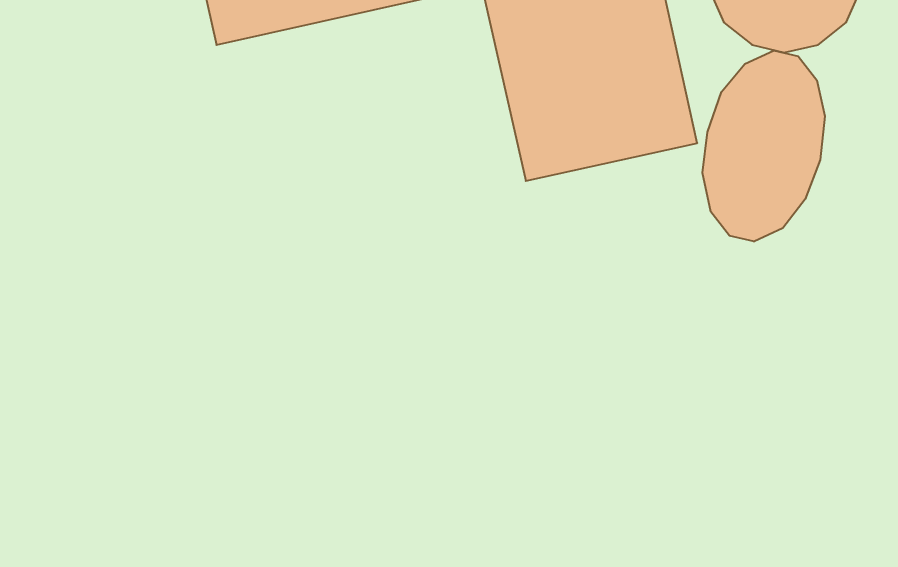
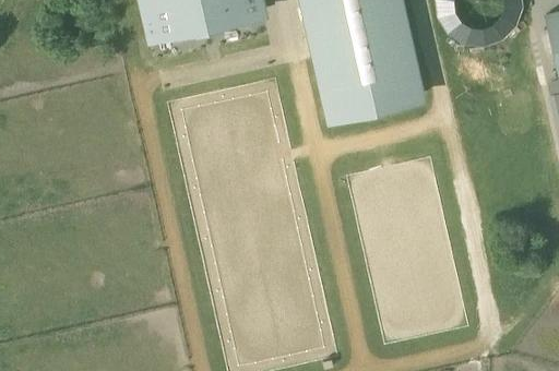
building: [702,50,825,242] -> none

